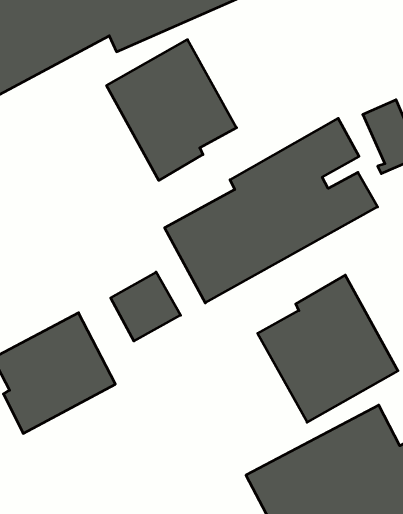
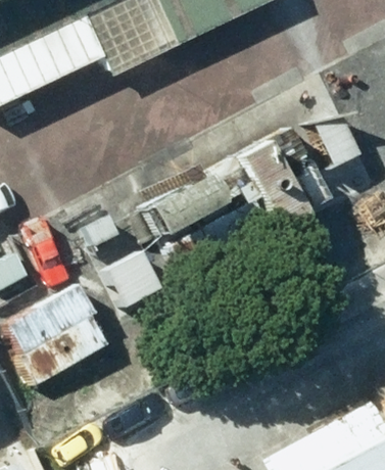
building: [107,40,237,180] -> none
building: [258,275,398,422] -> none

